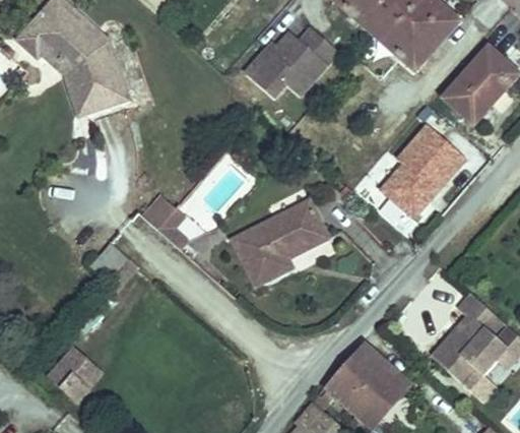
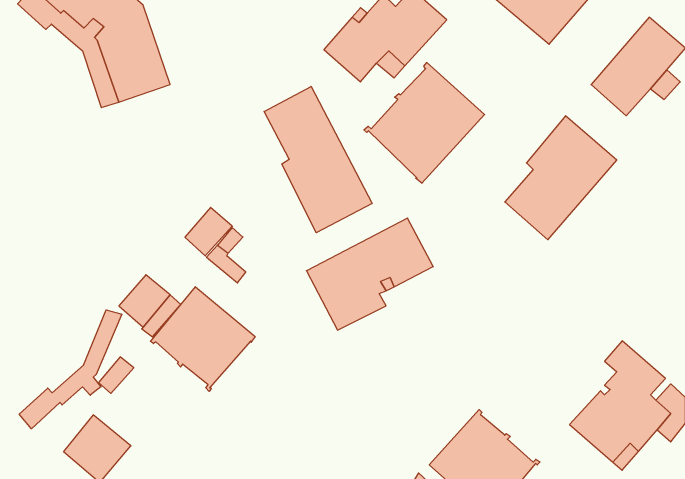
building: none -> [364,63,485,183]
building: none -> [264,86,372,233]
building: none -> [151,287,255,391]
building: none -> [19,310,122,429]

